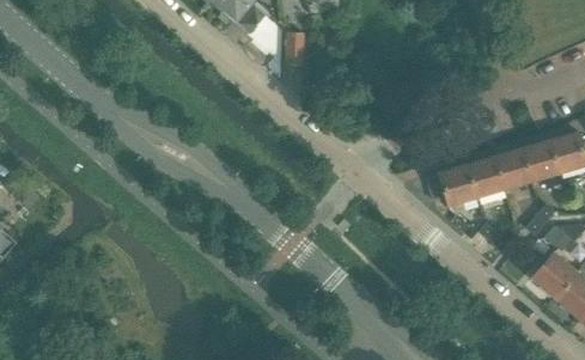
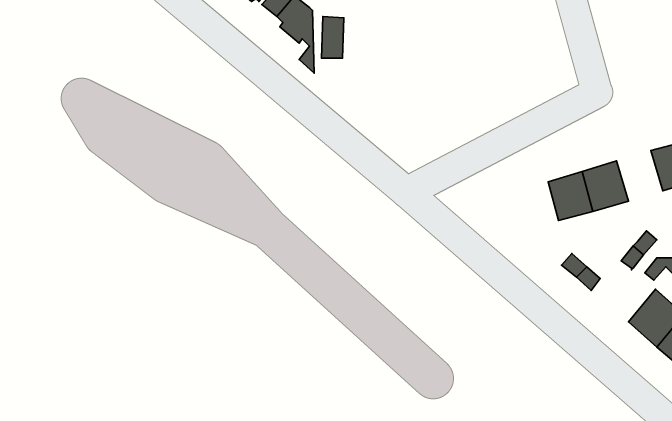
building: [523,140,560,181] -> none
building: [439,165,476,215] -> none

